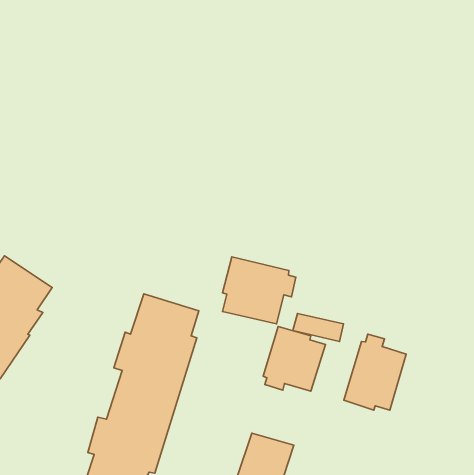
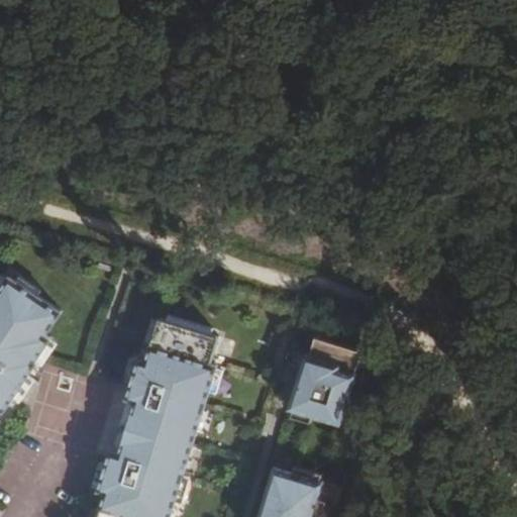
building: [222,257,296,324] -> none
building: [344,334,406,410] -> none

